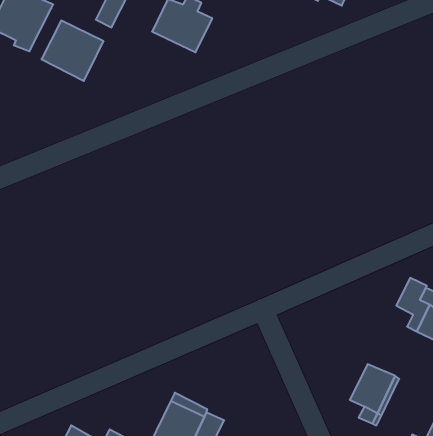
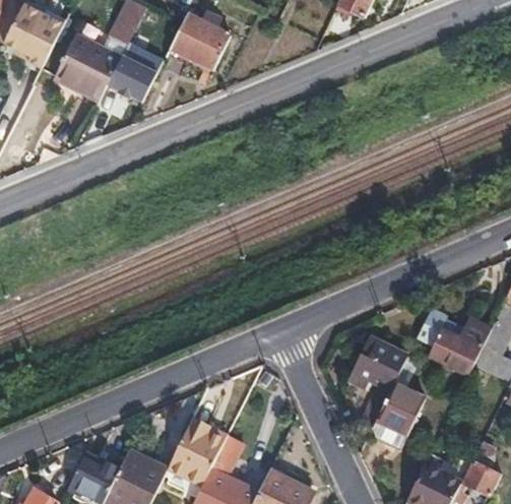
building: none -> [106,54,157,104]
building: none -> [344,337,406,430]

